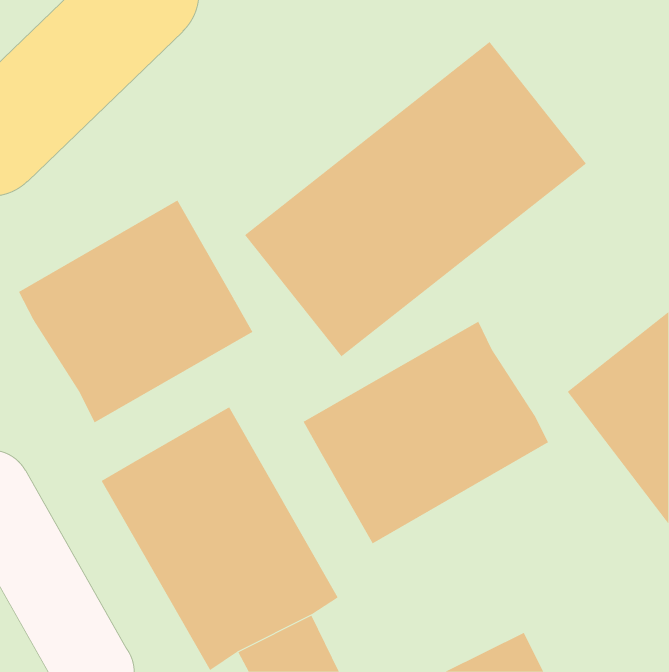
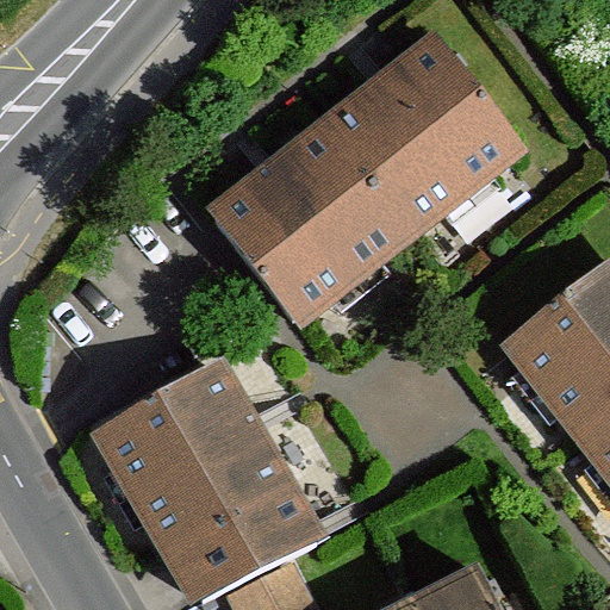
building: [18,199,253,423] -> none
building: [303,321,549,544] -> none

